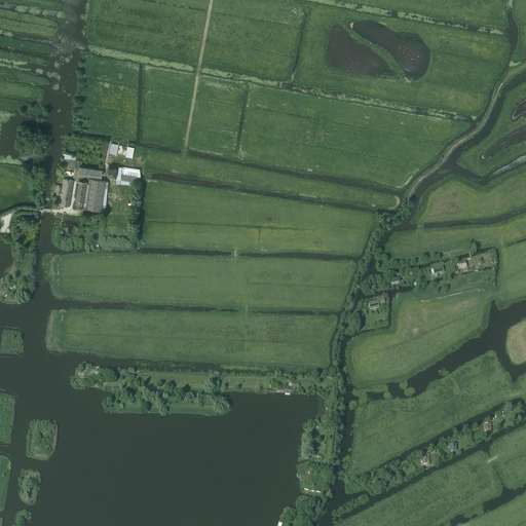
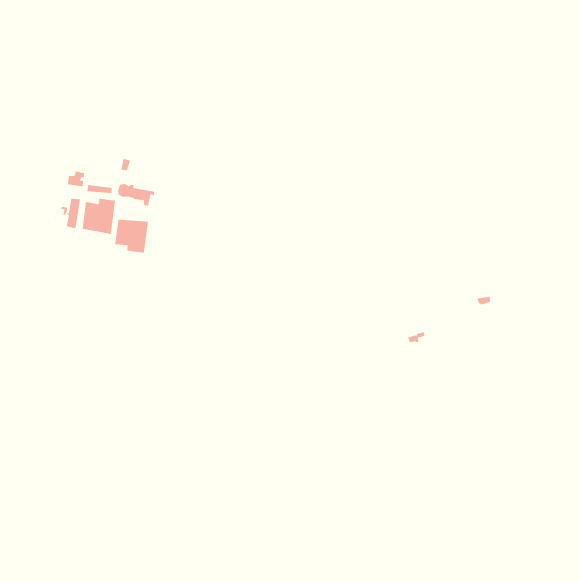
building: none -> [115,219,148,254]

